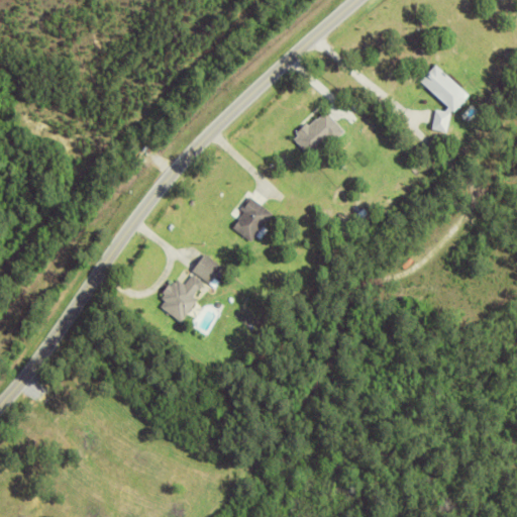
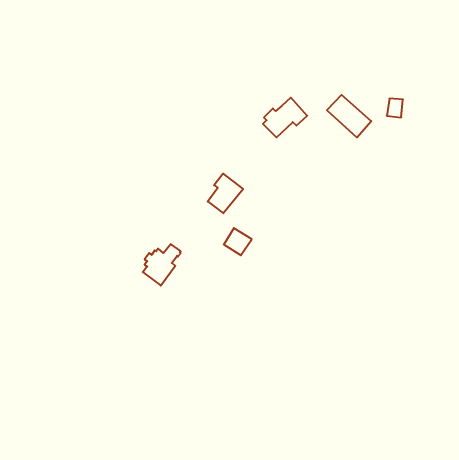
building: [421,67,471,114] -> [327,95,371,137]
building: [193,255,224,286] -> [224,228,252,255]

